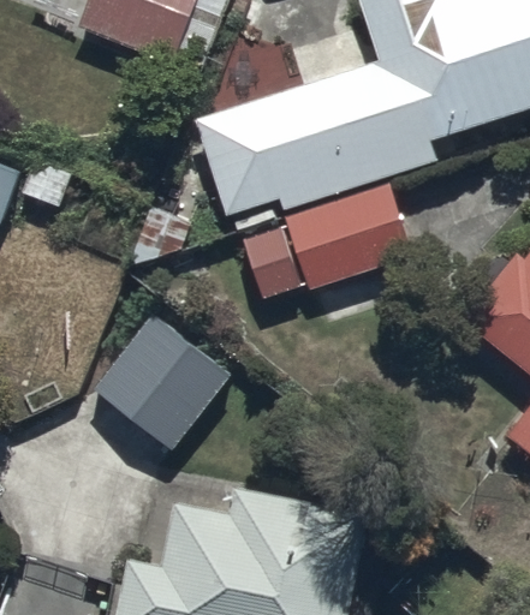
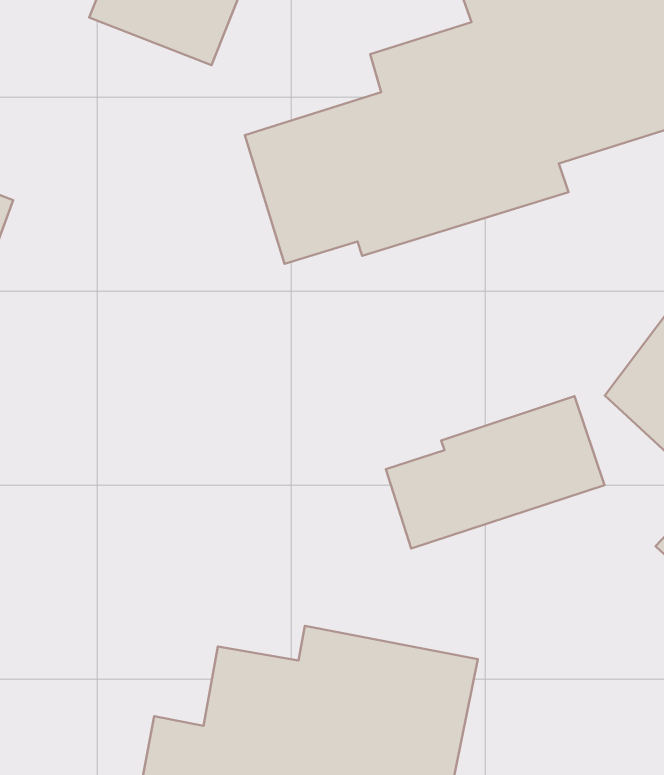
building: [245,184,411,299] -> [386,396,605,549]
building: [97,312,233,447] -> none

